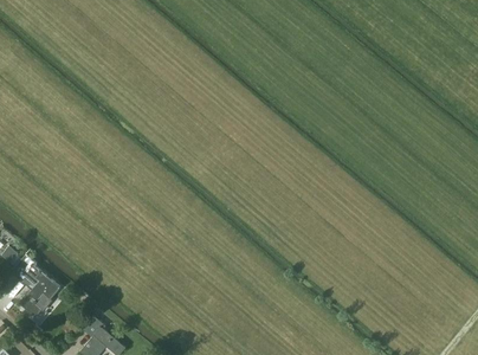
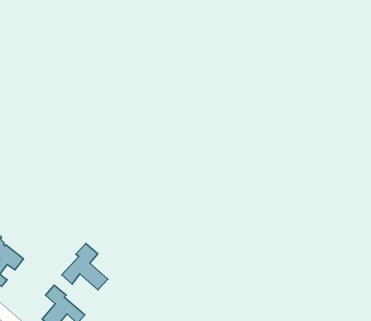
building: none -> [62,244,108,290]

